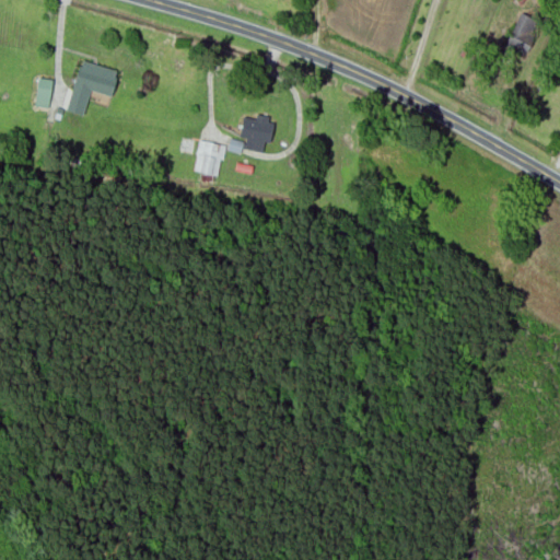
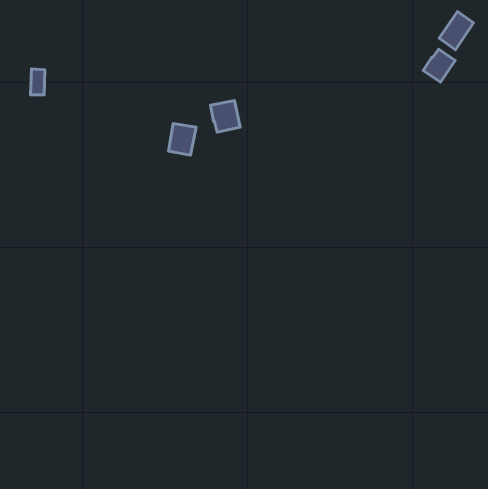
building: none -> [423,49,455,82]
building: [67,61,118,116] -> none

